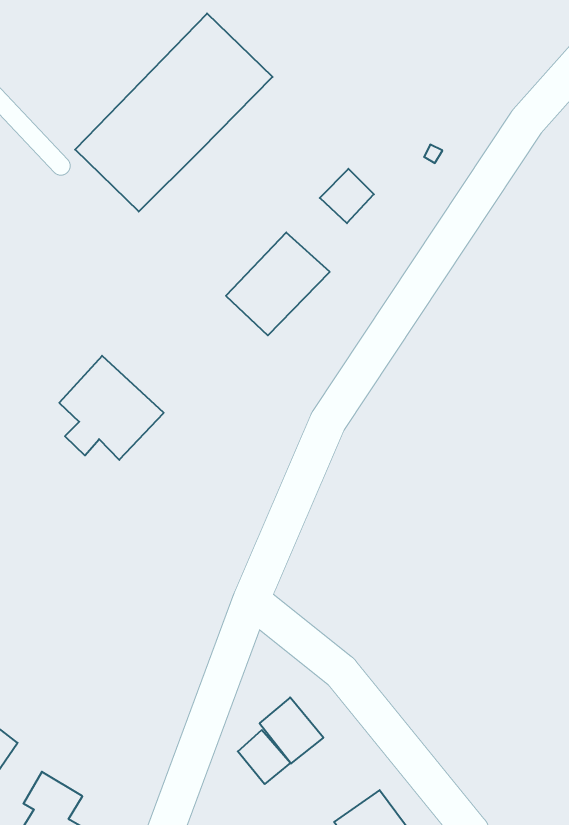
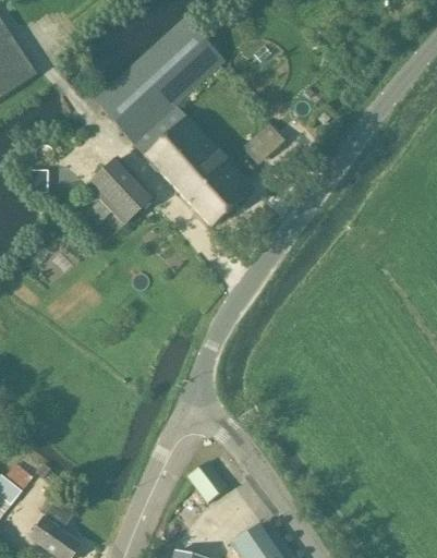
building: none -> [132,105,226,199]
building: [59,356,164,460] -> [87,157,154,225]
building: [238,730,290,784] -> none

